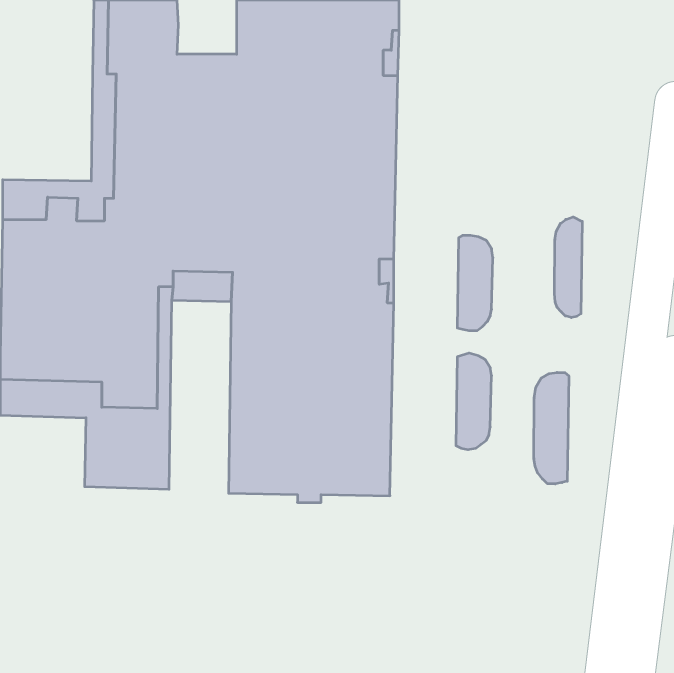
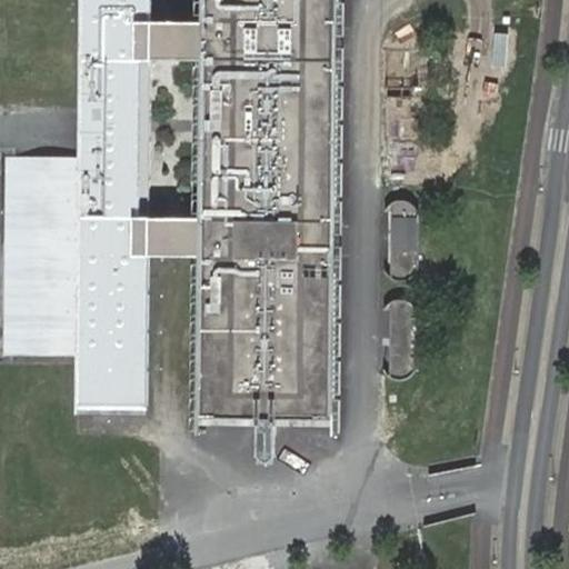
building: none -> [150,23,200,48]
building: [554,217,582,318] -> none
building: [534,372,569,484] -> none

